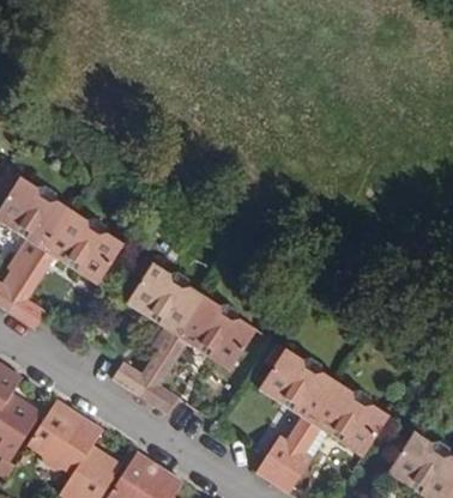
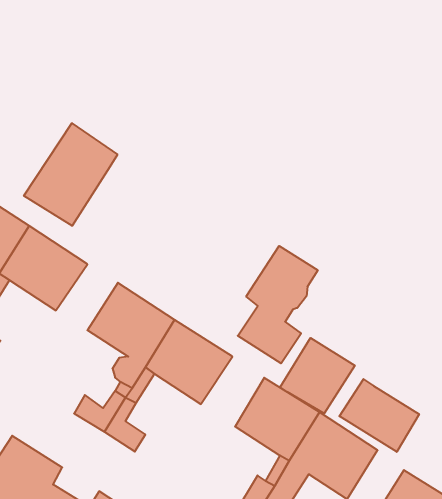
building: none -> [24,123,117,226]
building: none -> [238,246,318,363]
building: none -> [280,338,355,414]
building: none -> [339,379,419,452]

